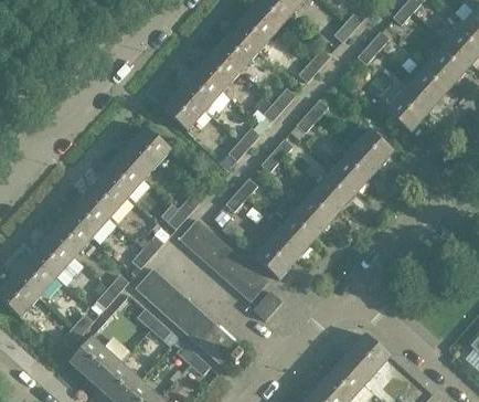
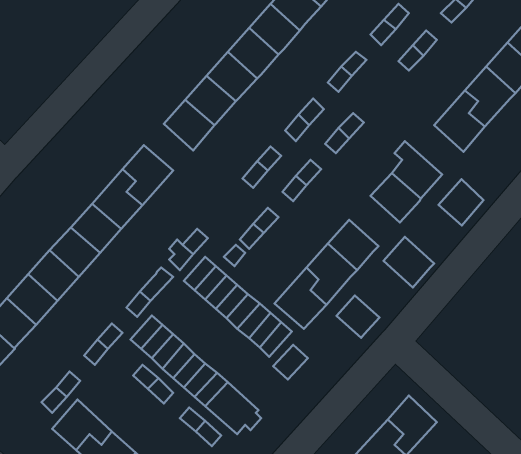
building: none -> [438,179,484,226]
building: [316,168,358,210] -> [384,237,434,288]
building: none -> [336,296,380,338]

